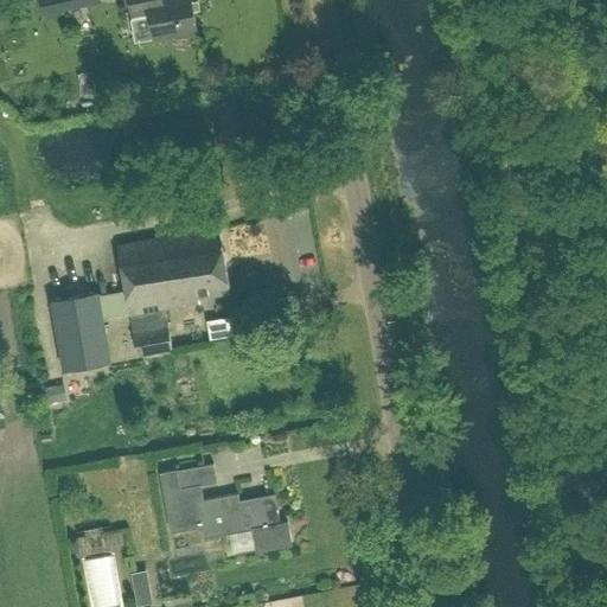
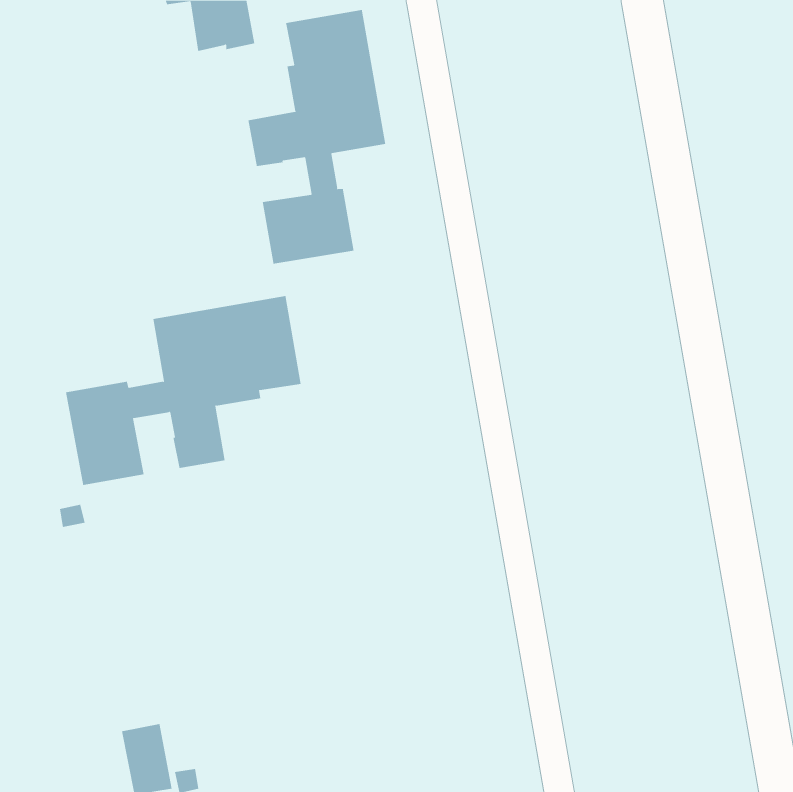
building: none -> [248,9,386,264]
building: [160,466,290,551] -> none

